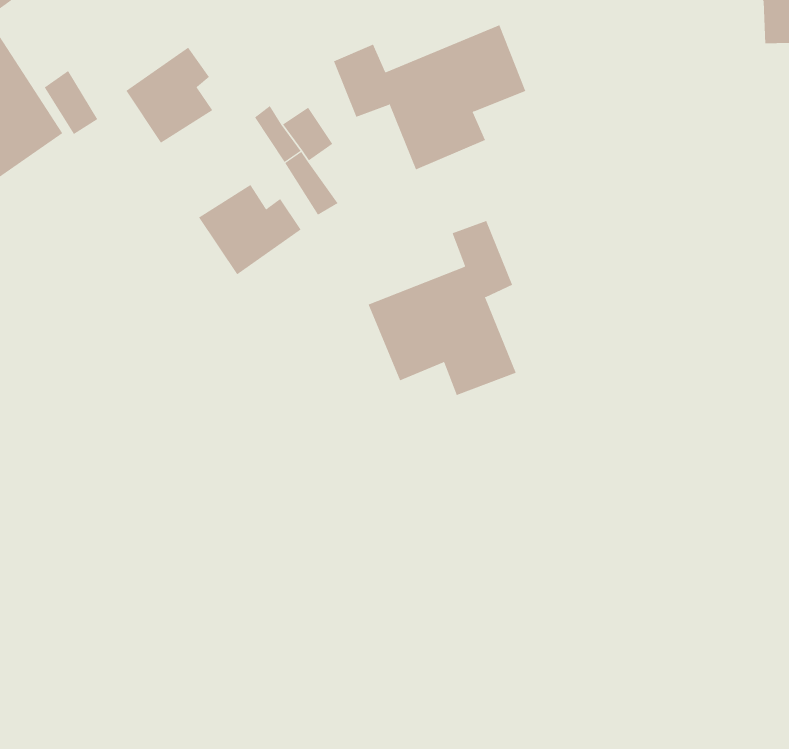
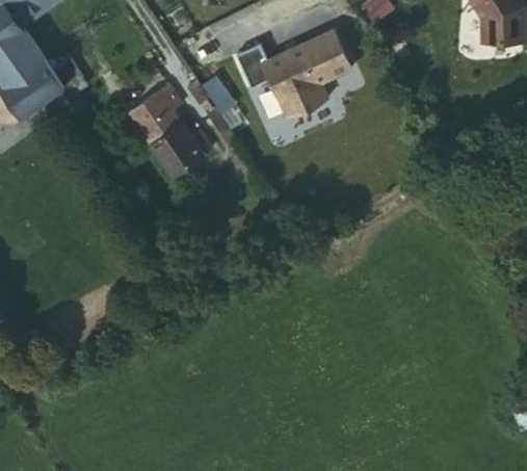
building: [125,47,213,143] -> [127,87,179,145]
building: [368,220,516,396] -> none

